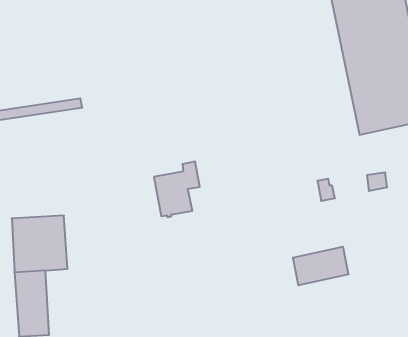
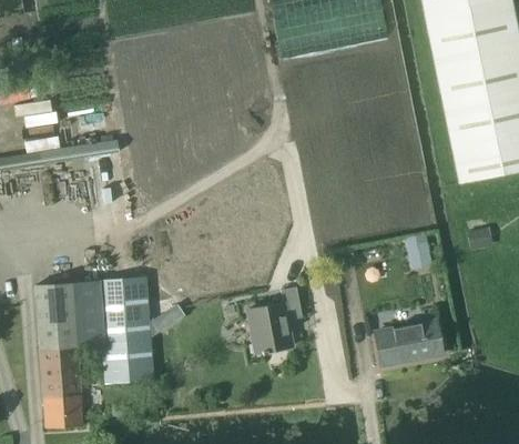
building: [154,161,200,217] -> [248,285,304,353]
building: none -> [100,278,169,383]

